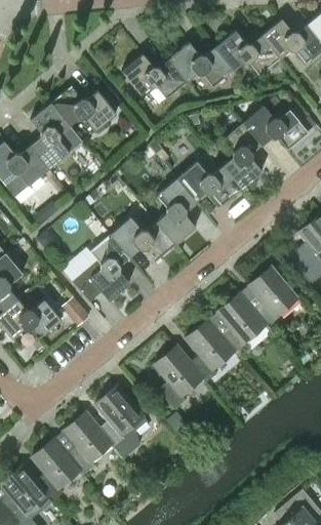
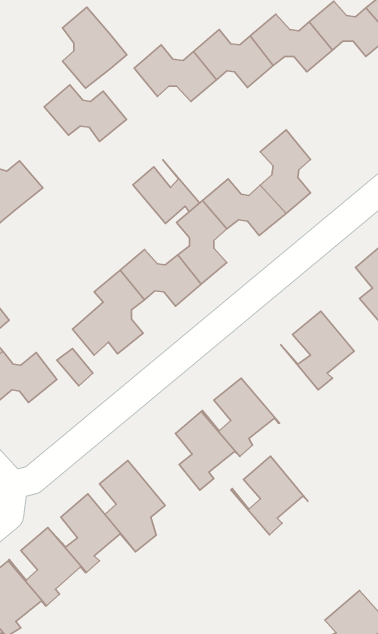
building: [31,104,82,168] -> [62,7,127,88]
building: [243,106,309,151] -> none
building: none -> [133,160,200,223]
building: [207,293,269,356] -> [231,456,308,535]

